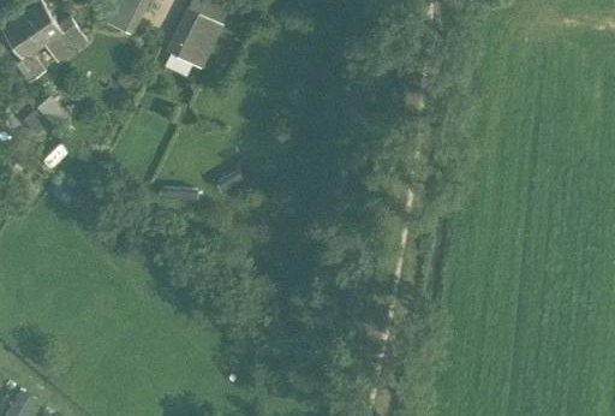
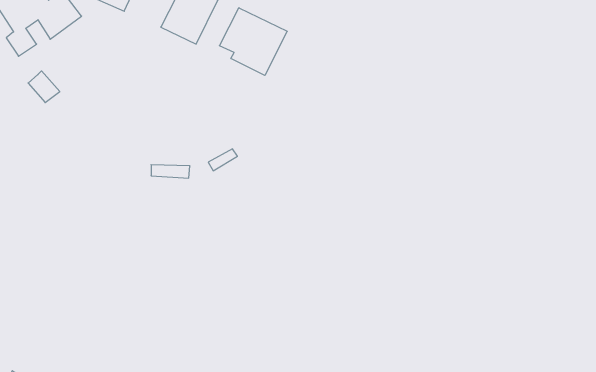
building: none -> [219,8,287,75]

